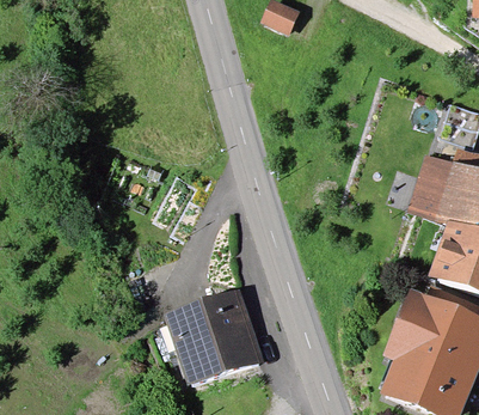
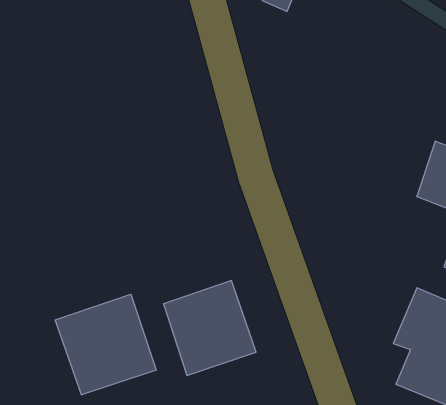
building: none -> [55,294,156,395]

